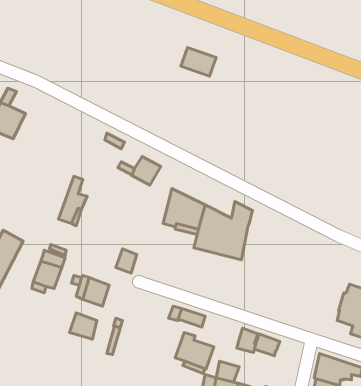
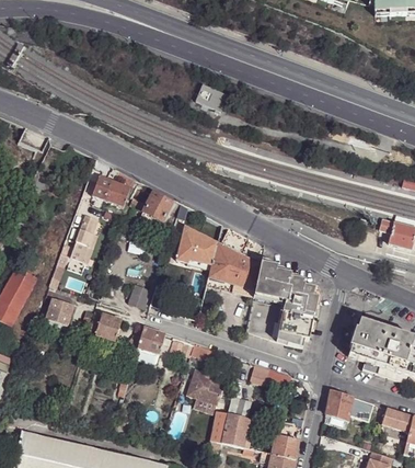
building: none -> [92,175,130,206]
building: none -> [245,263,318,347]
building: [69,313,97,339] -> [137,328,164,354]

